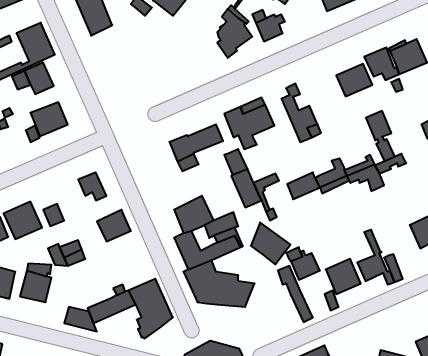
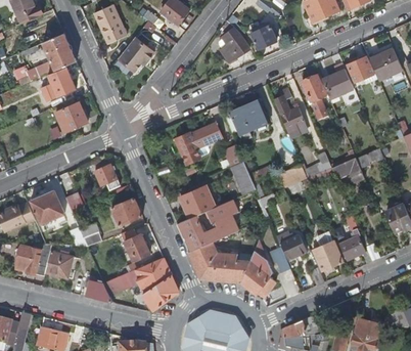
building: none -> [119,32,154,73]
building: [366,111,395,161] -> [303,74,328,118]
building: [251,222,290,264] -> [242,261,277,298]
building: none -> [124,227,150,256]

